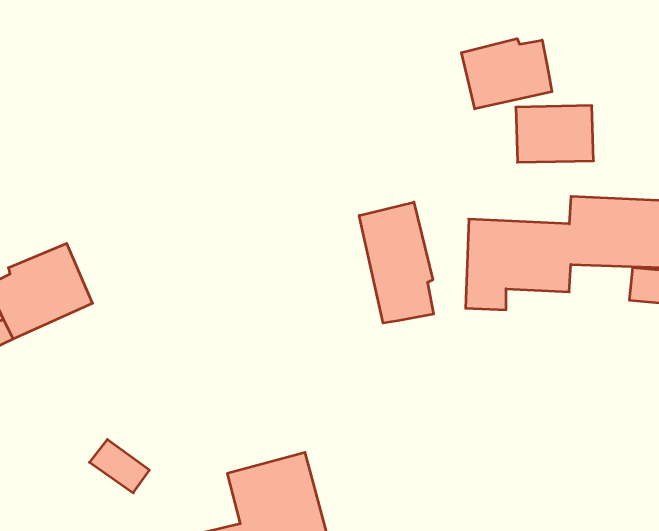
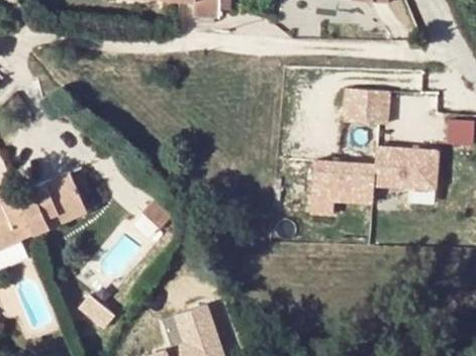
building: [461,39,552,109] -> none
building: [359,202,434,323] -> none

